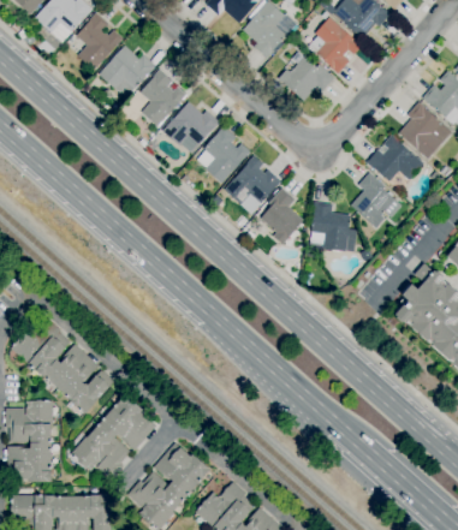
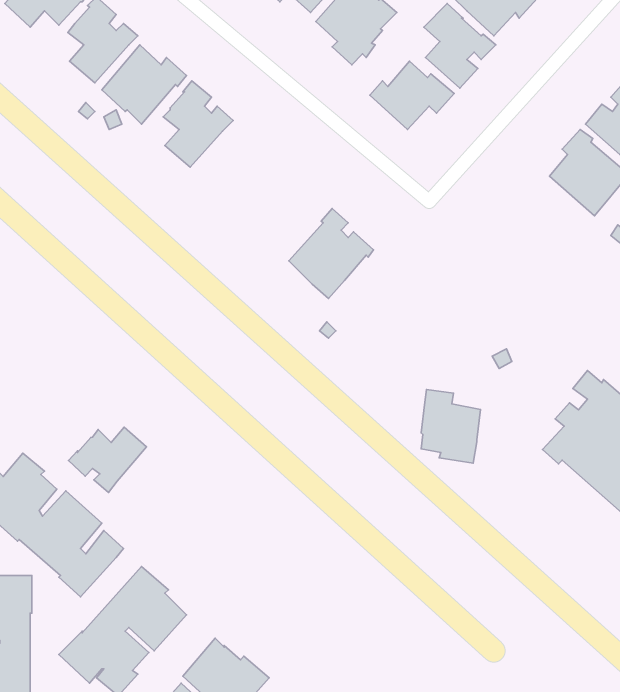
building: [163,101,220,145] -> none
building: [197,125,251,183] -> none
building: [368,135,424,181] -> none
building: [351,172,395,228] -> none
building: [261,187,304,244] -> none
building: [311,202,351,251] -> [421,390,481,463]
building: none -> [69,427,146,492]

